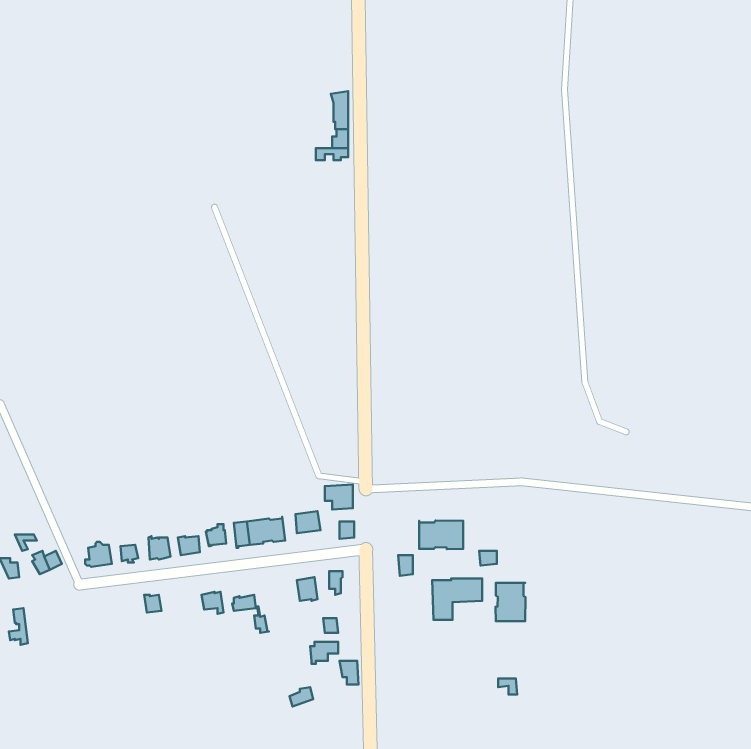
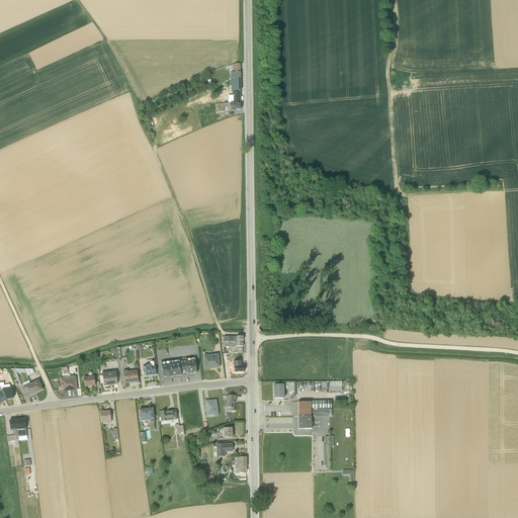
building: [419,521,463,549] -> none
building: [496,583,525,621] -> none

